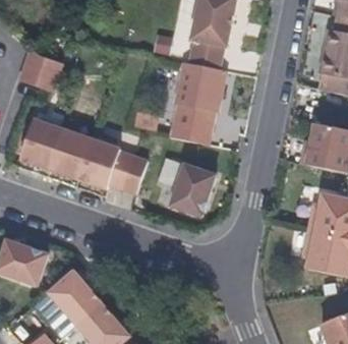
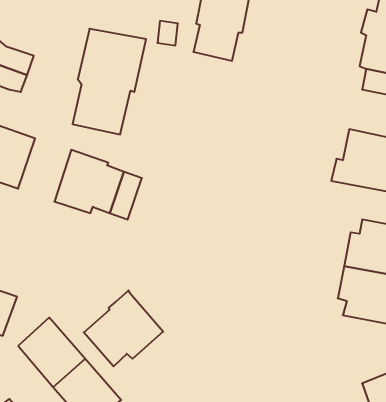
building: [167,61,225,145] -> [73,29,146,134]
building: [49,128,91,178] -> none
building: [170,163,215,215] -> none
building: none -> [84,290,163,366]

